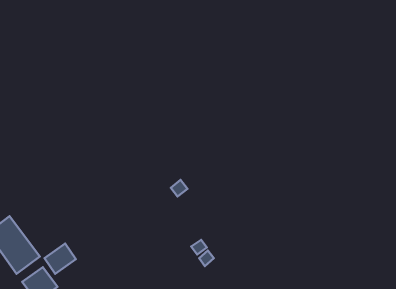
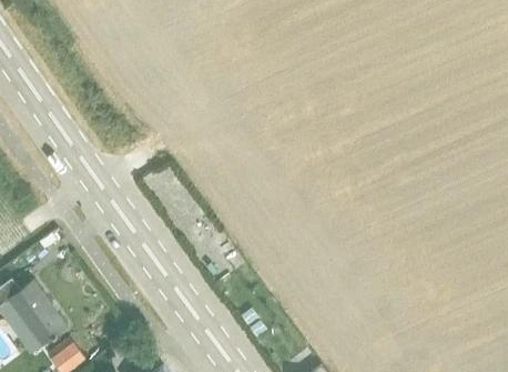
building: [45,243,76,274] -> none

